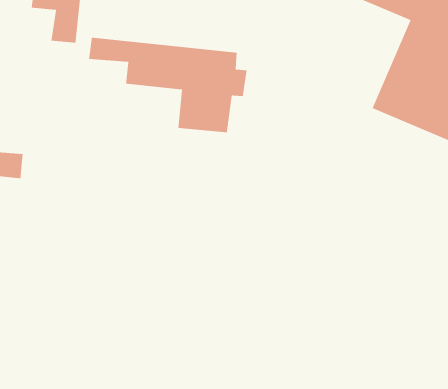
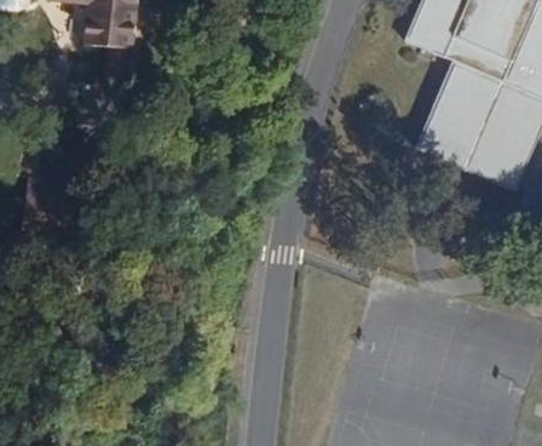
building: [88,37,247,133] -> none

